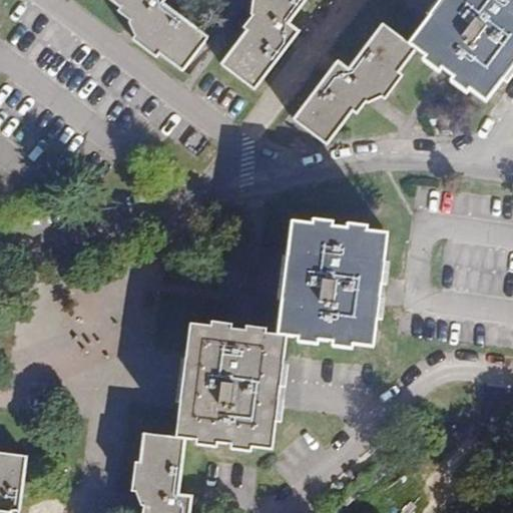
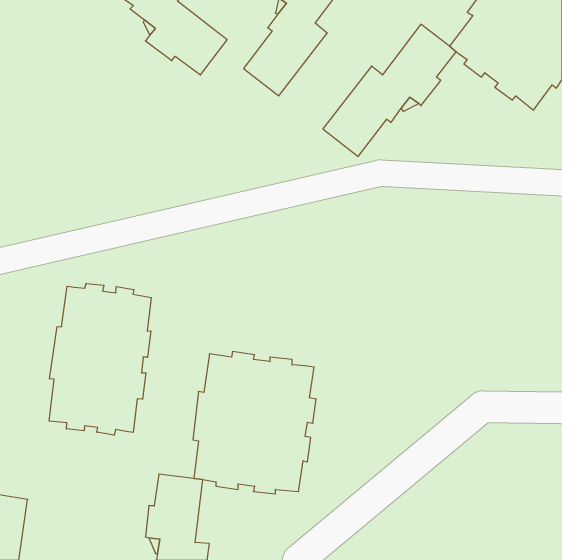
building: [277,217,389,347] -> none
building: none -> [49,283,151,435]

